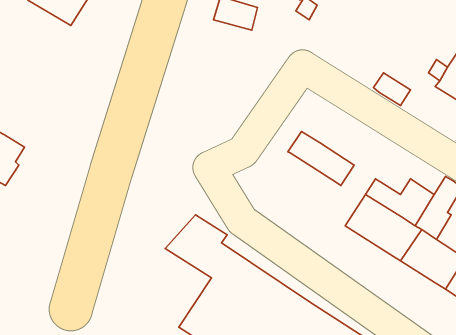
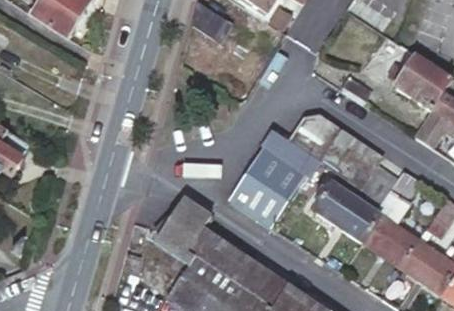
building: none -> [290,115,381,185]
building: none -> [236,148,306,213]

